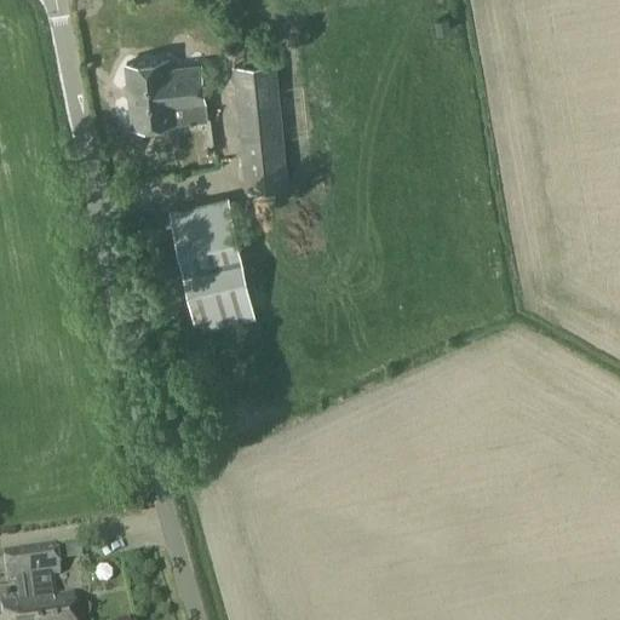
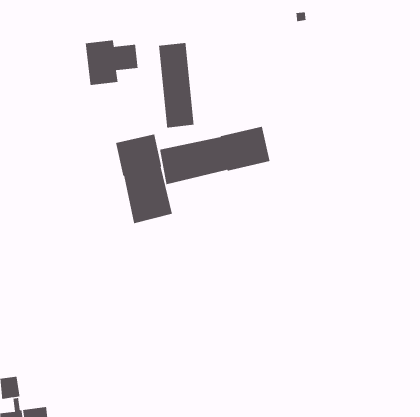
building: none -> [159,126,270,185]
building: [25,555,57,590] -> none

